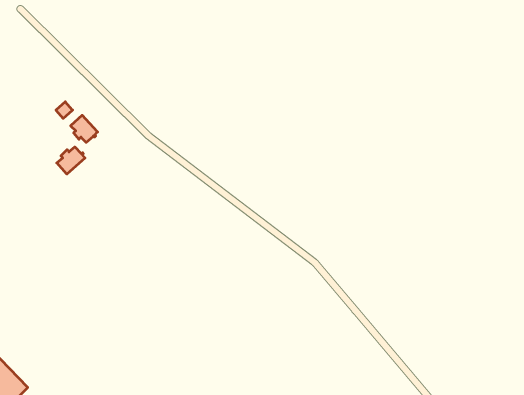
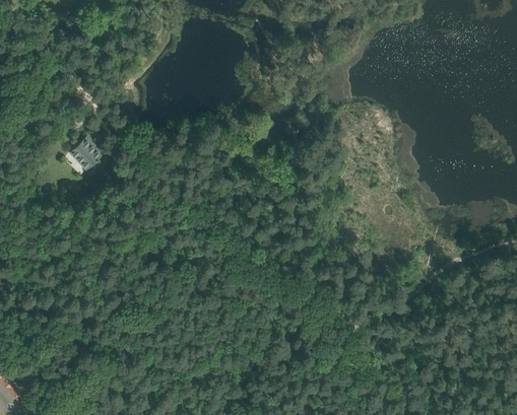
building: [57,147,85,174] -> none

